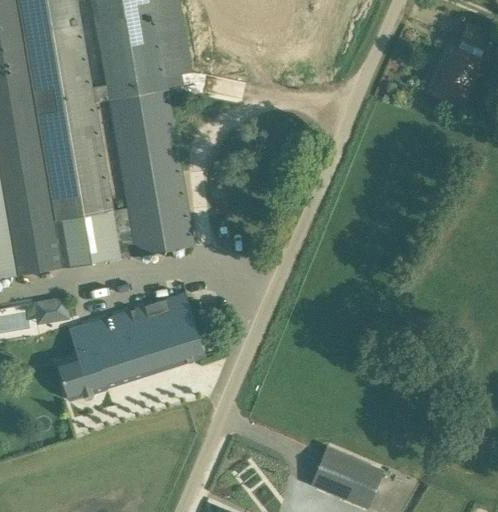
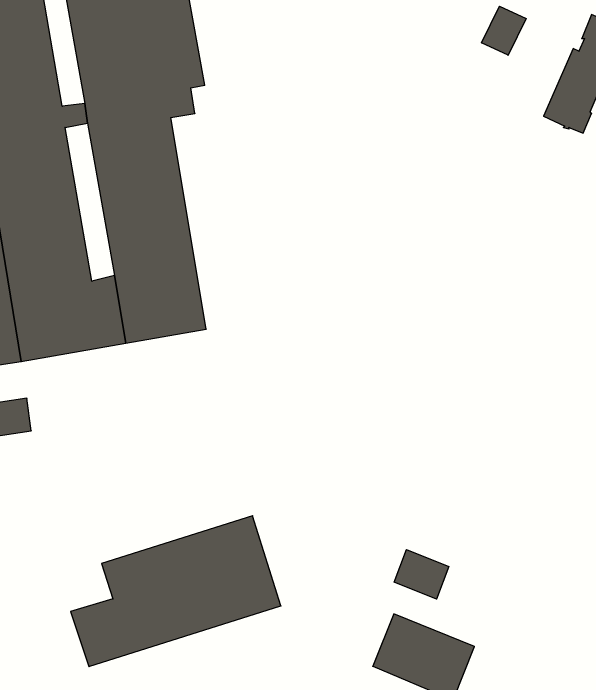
building: none -> [482,6,526,55]
building: [55,292,204,399] -> [71,516,281,667]
building: none -> [394,550,449,599]

